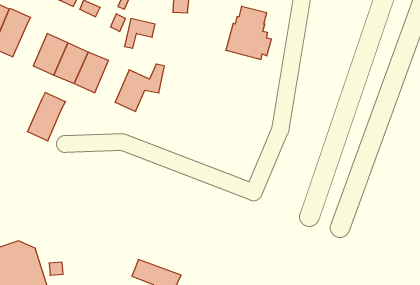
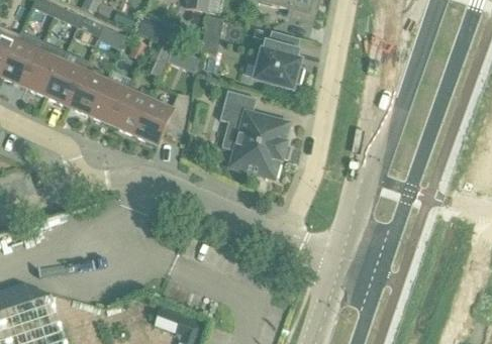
building: none -> [112,90,150,135]
building: none -> [219,90,290,178]
building: [27,93,66,141] -> [23,43,65,96]

